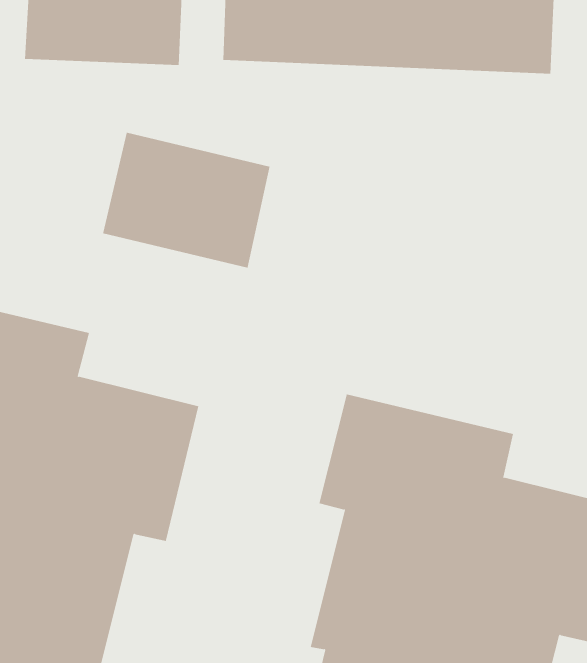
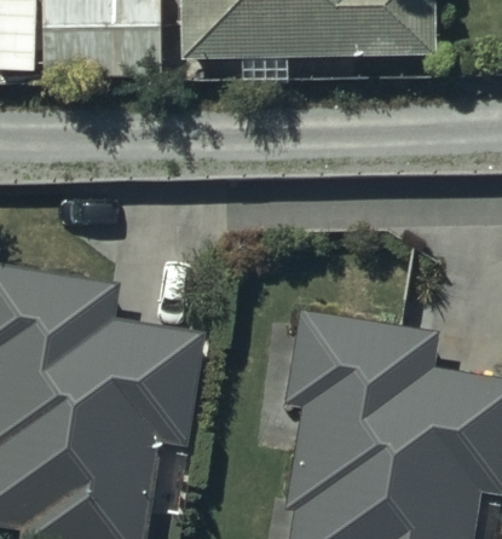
building: [102,132,270,269] -> none

